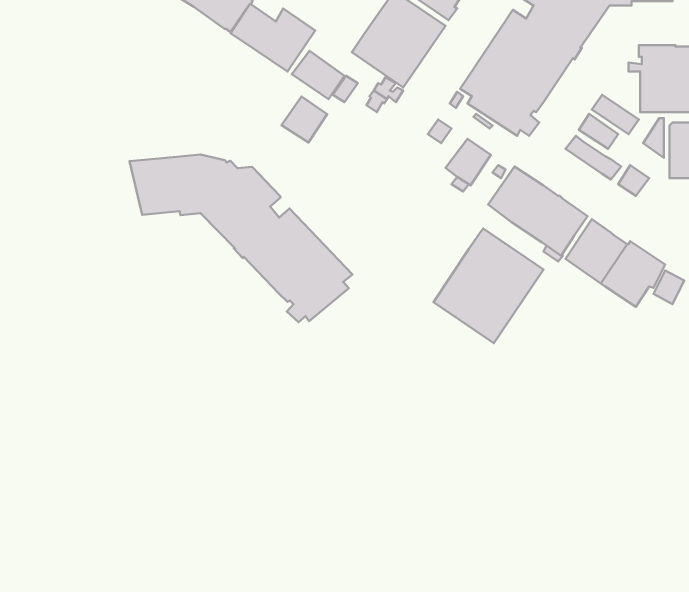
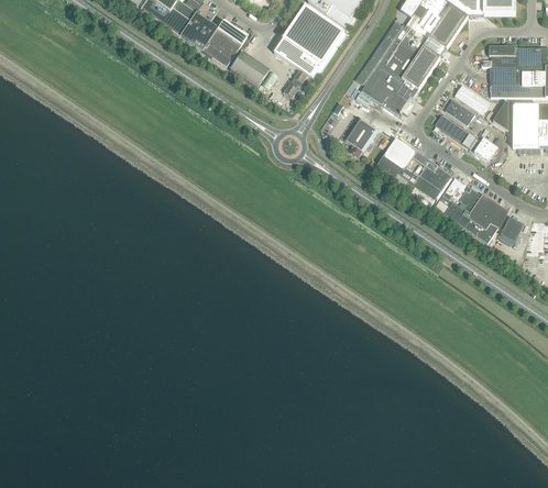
building: [281,96,327,142] -> none
building: [130,155,353,322] -> none
building: [433,228,544,343] -> none

